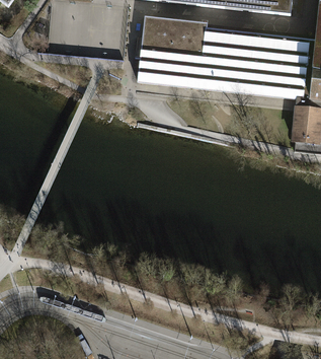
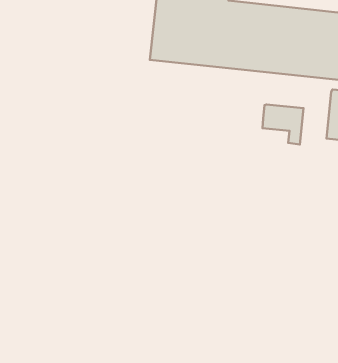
building: none -> [262,104,303,144]

